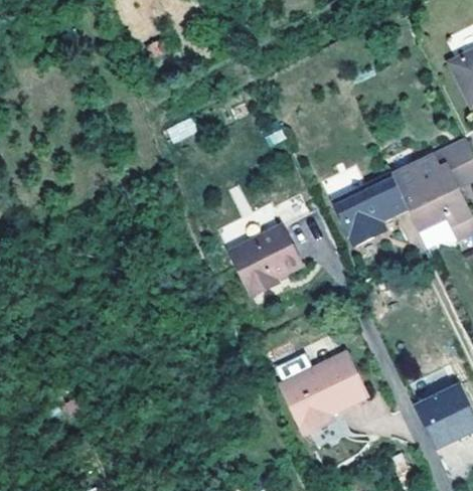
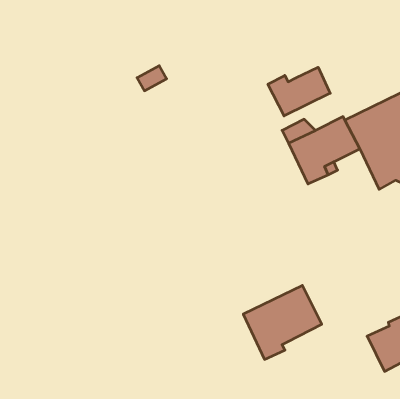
building: none -> [268,67,330,116]
building: [230,223,302,294] -> none

